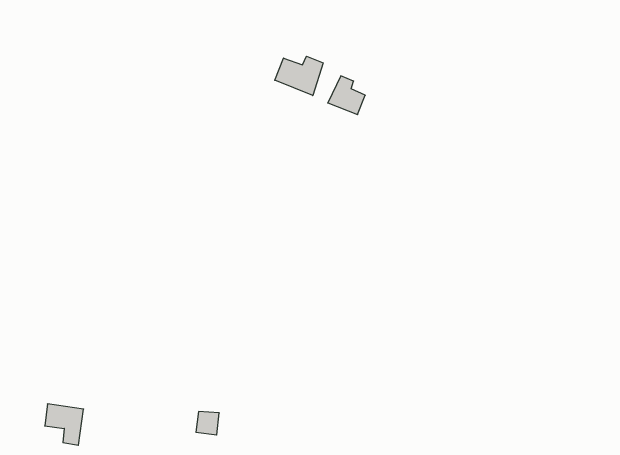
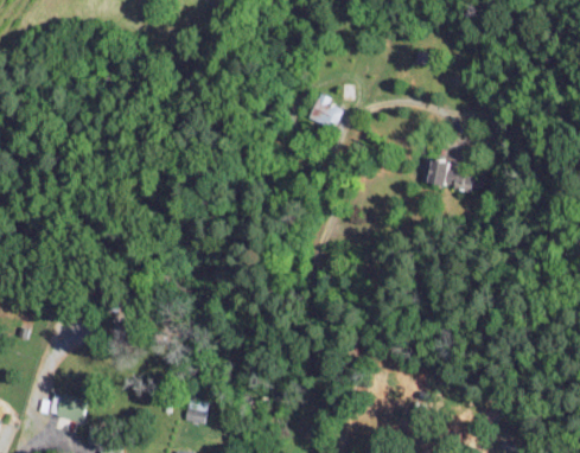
building: [275,56,323,96] -> none
building: none -> [425,159,471,190]

